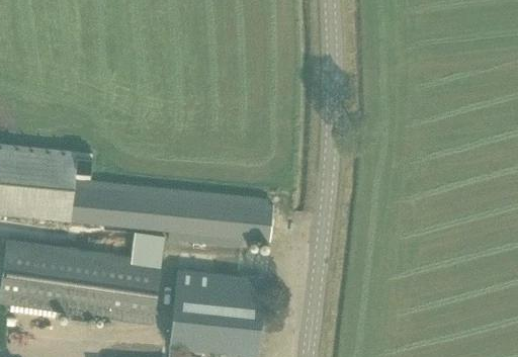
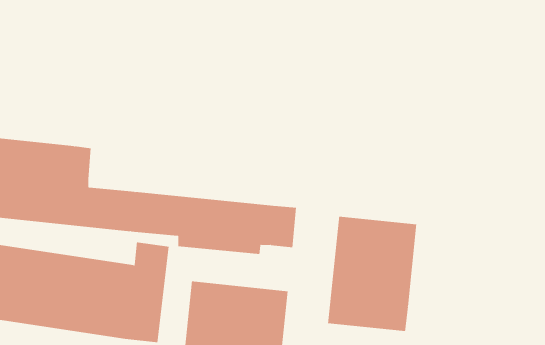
building: none -> [327,216,417,332]

